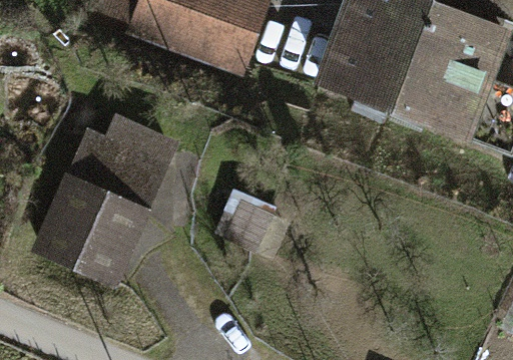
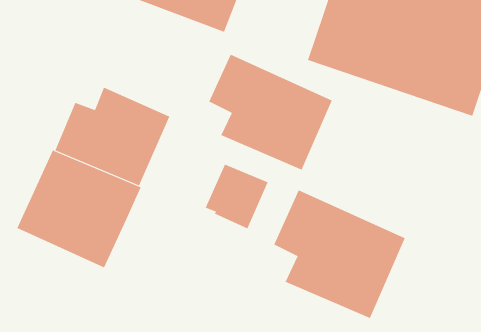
building: none -> [209,54,333,170]
building: none -> [273,189,405,319]

